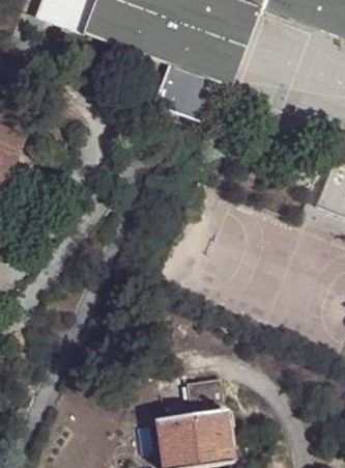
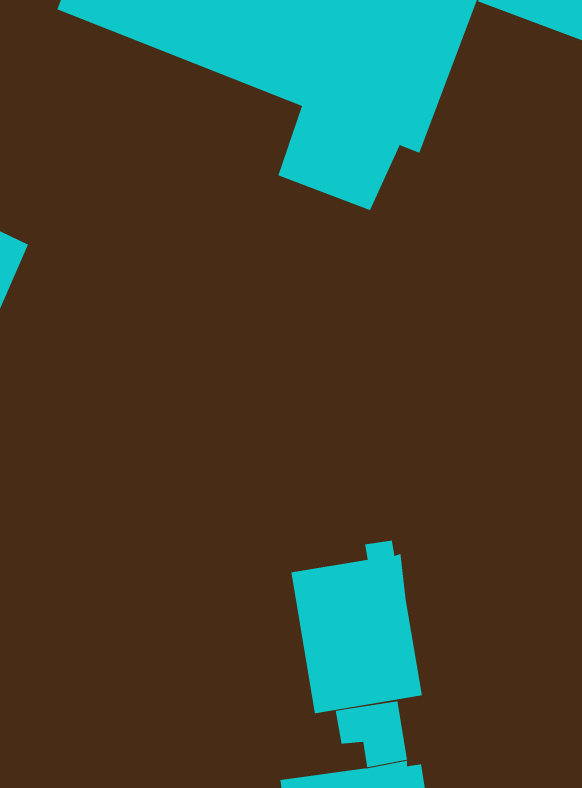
building: none -> [291,540,422,714]

